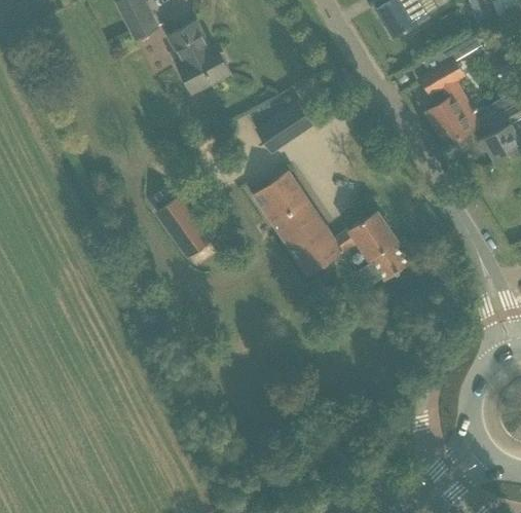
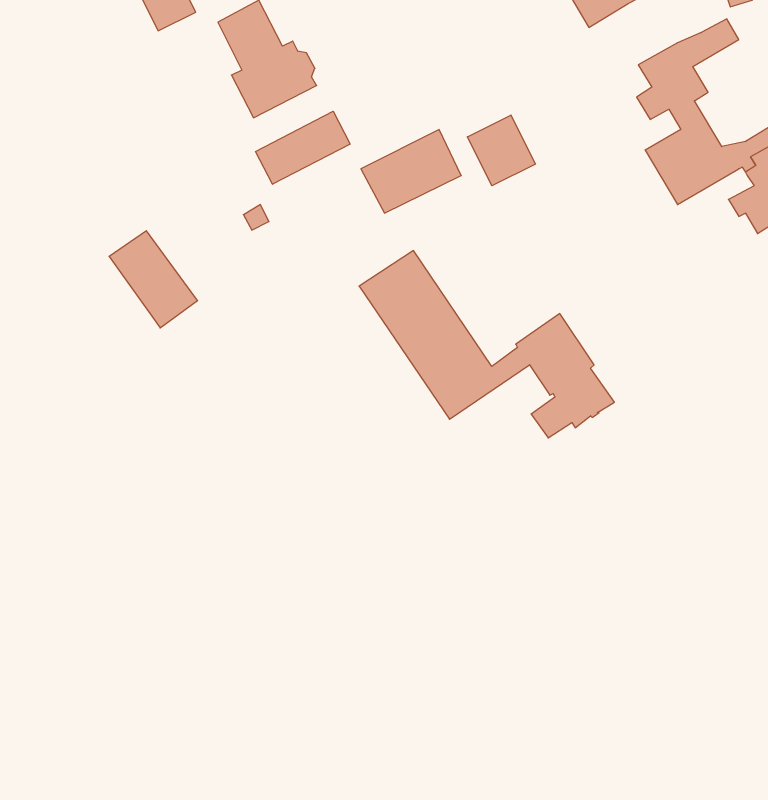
building: none -> [256,111,350,184]
building: none -> [467,115,535,186]
building: [157,197,211,256] -> [109,231,198,328]

